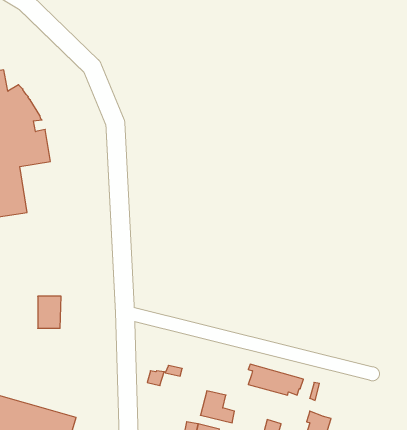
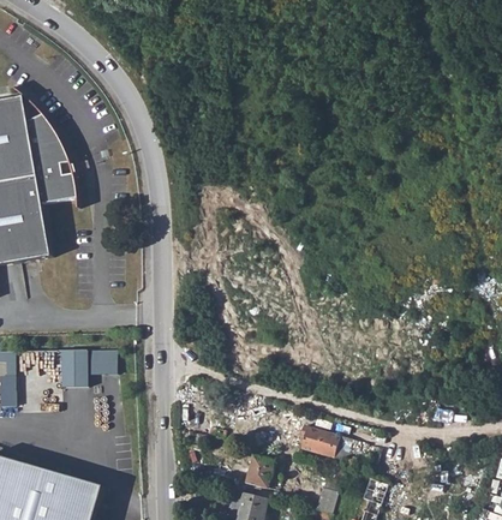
building: none -> [89,349,115,373]

